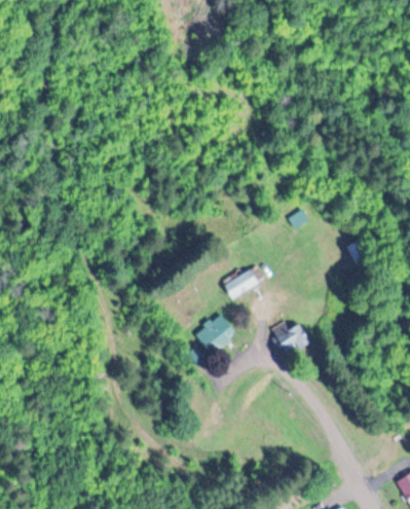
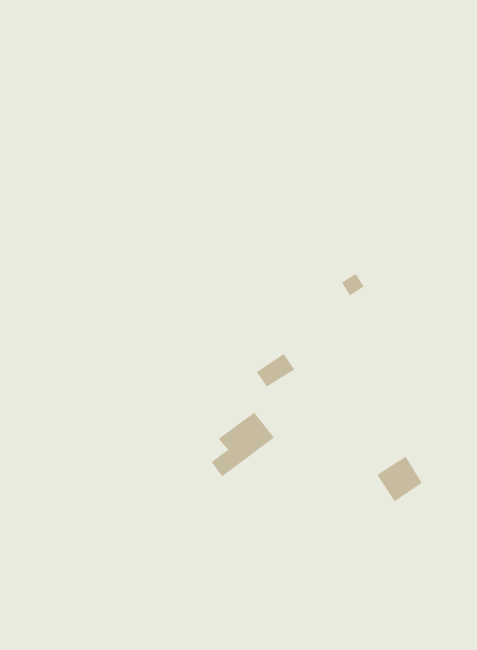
building: [278,322,313,357] -> [376,456,423,502]

